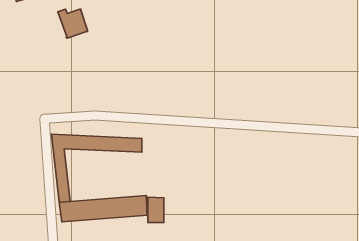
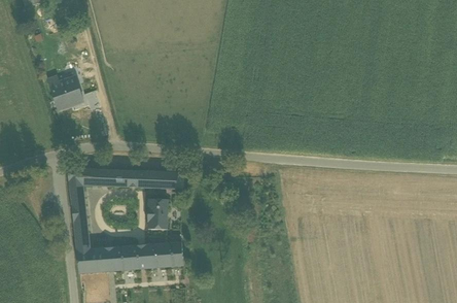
building: [58,9,88,38] -> [47,75,83,110]
building: [148,197,164,223] -> [148,198,168,229]

